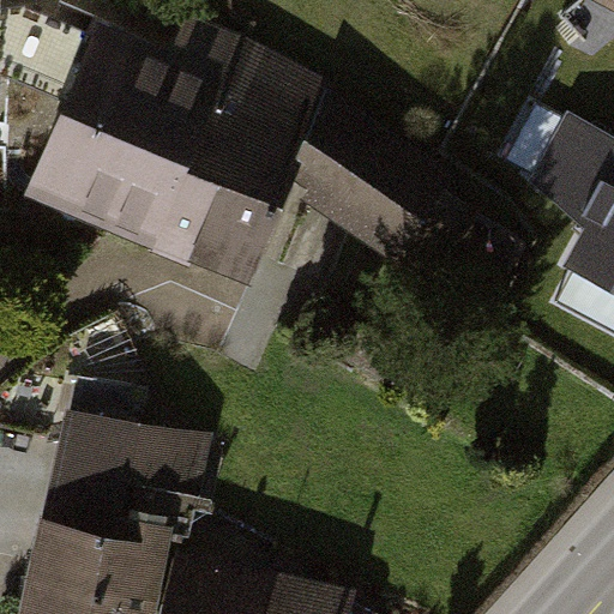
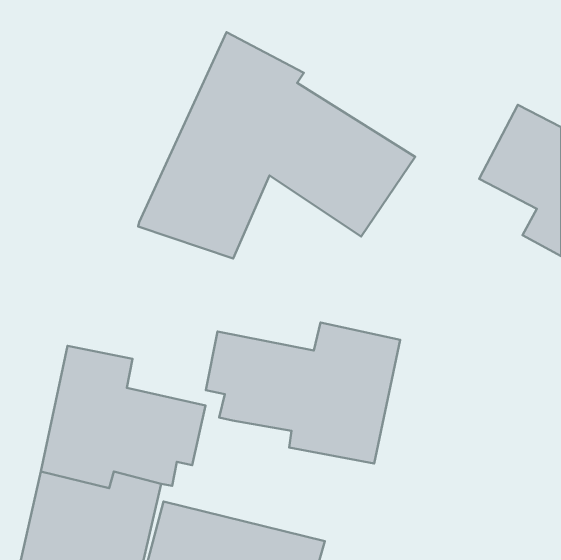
building: [28,11,246,246] -> none
building: none -> [206,323,400,463]

